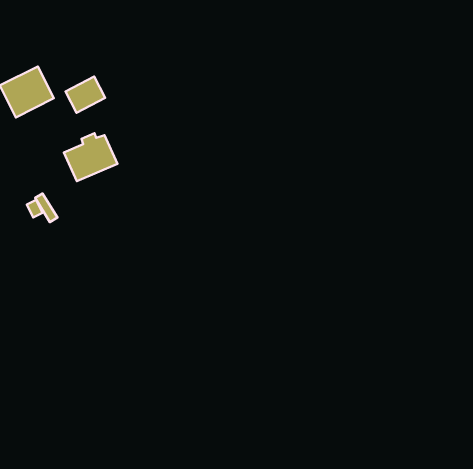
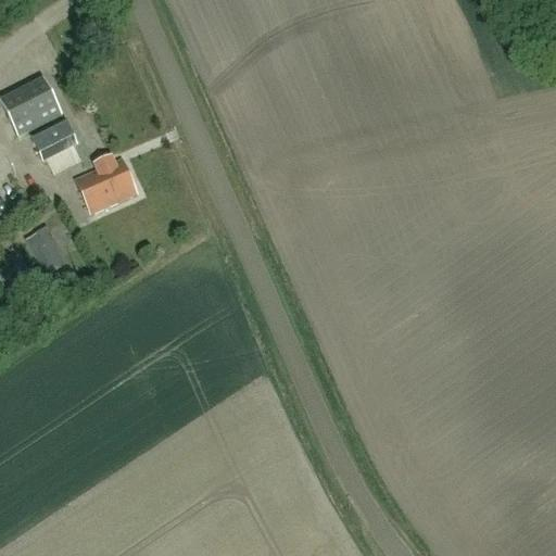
building: [66,77,105,113] -> [30,117,77,160]

